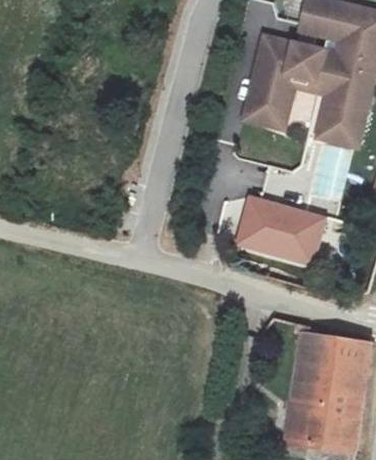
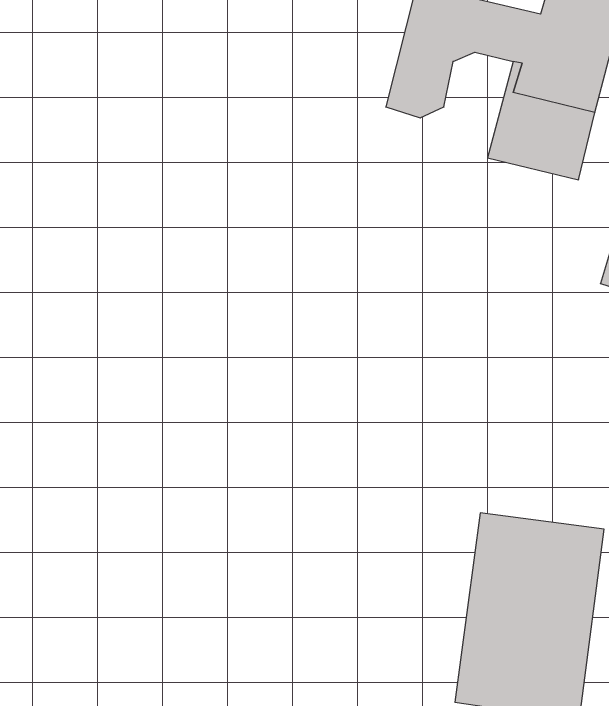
building: [245,75,298,129] -> none
building: [236,197,324,266] -> none

